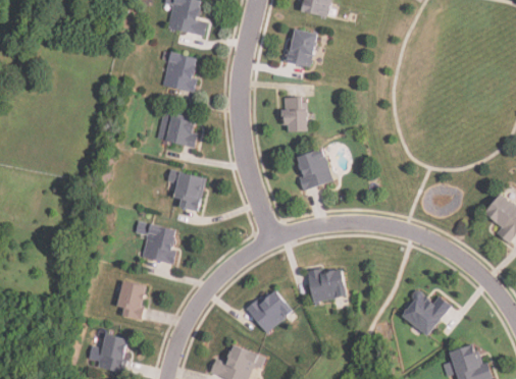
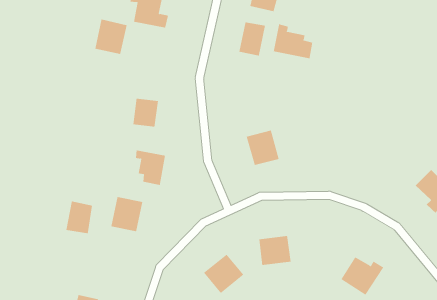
building: none -> [273,24,313,59]
building: [162,52,199,92] -> [95,19,127,54]
building: [282,98,305,131] -> none
building: [115,281,146,318] -> [66,201,93,234]

